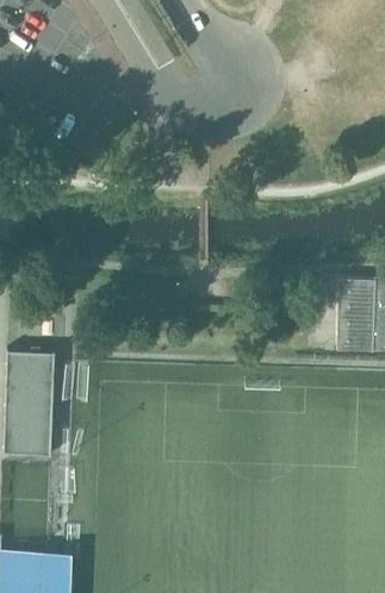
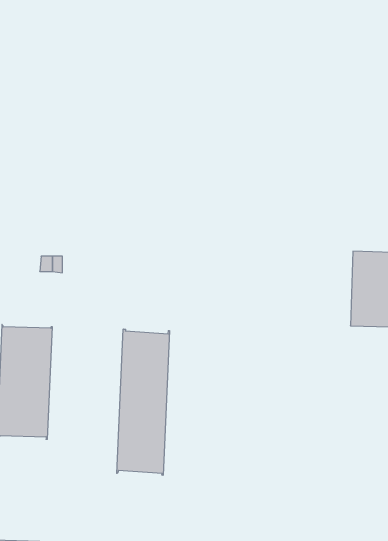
building: none -> [117,329,170,475]

